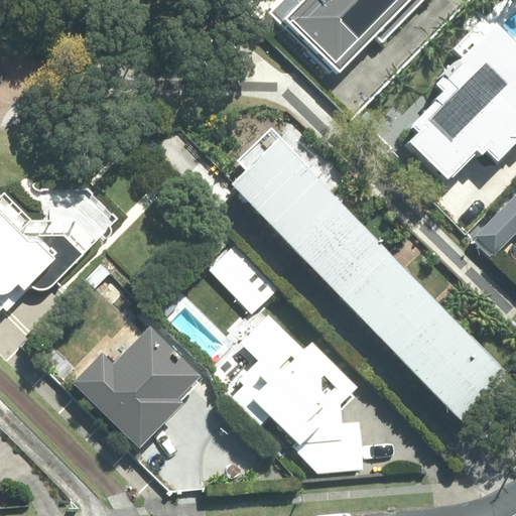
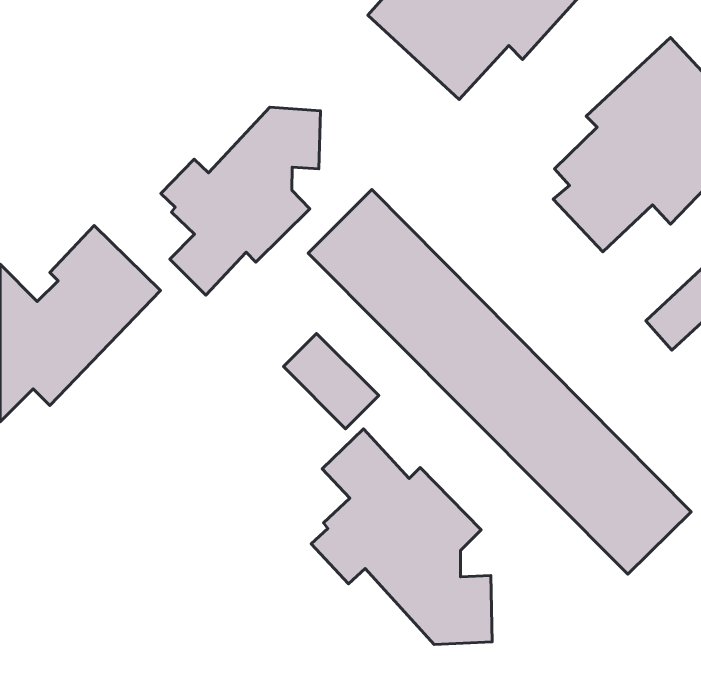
building: none -> [161,107,321,295]
building: [66,300,208,448] -> none

